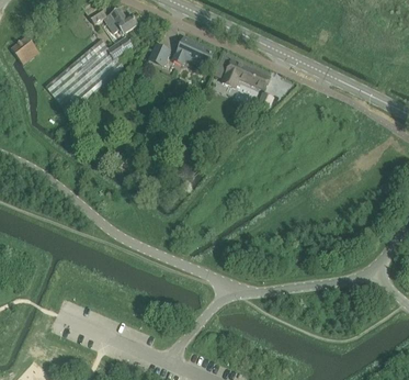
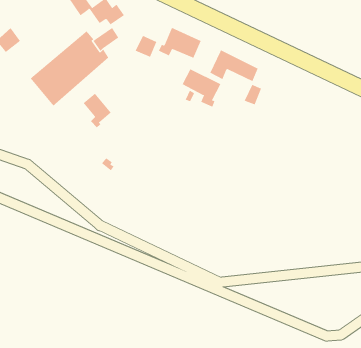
building: none -> [182,68,221,107]
building: none -> [83,93,112,128]

